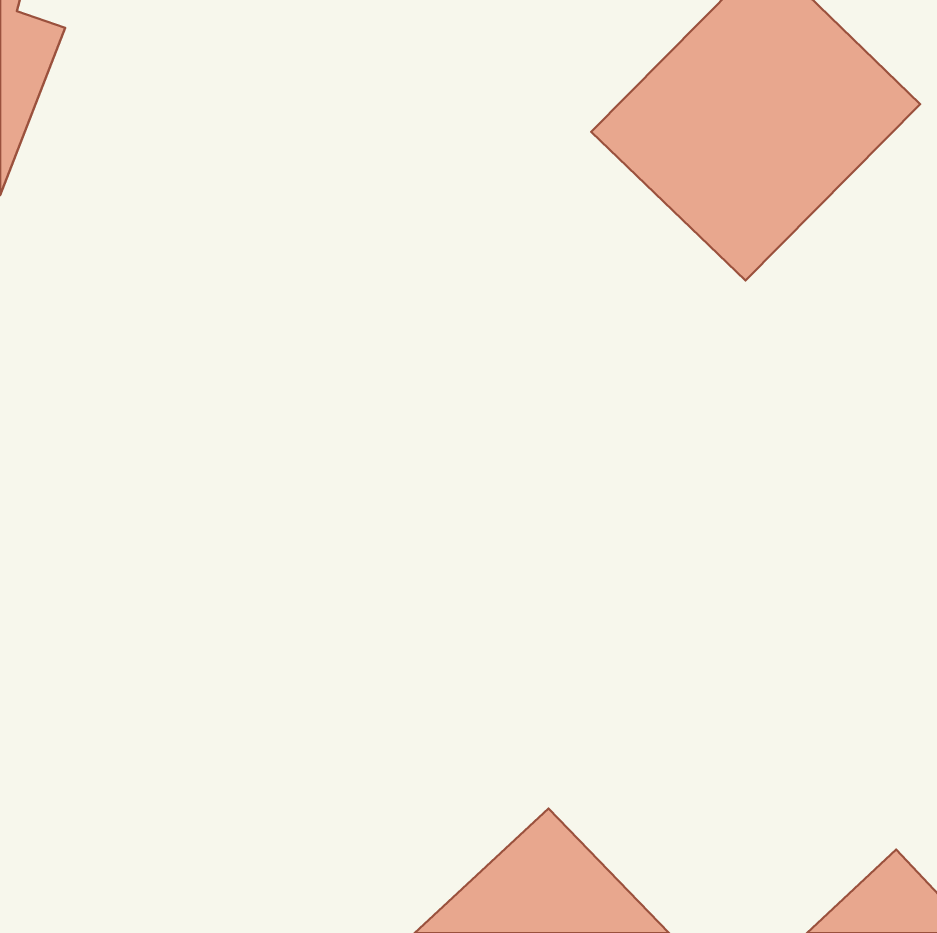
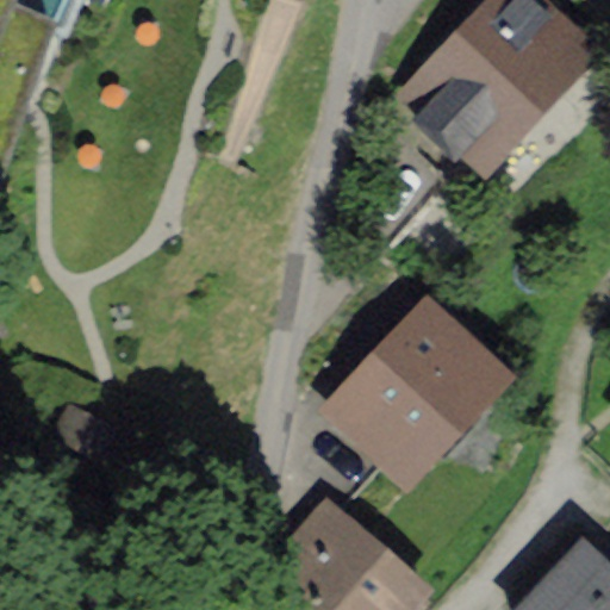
building: none -> [322,306,498,481]

